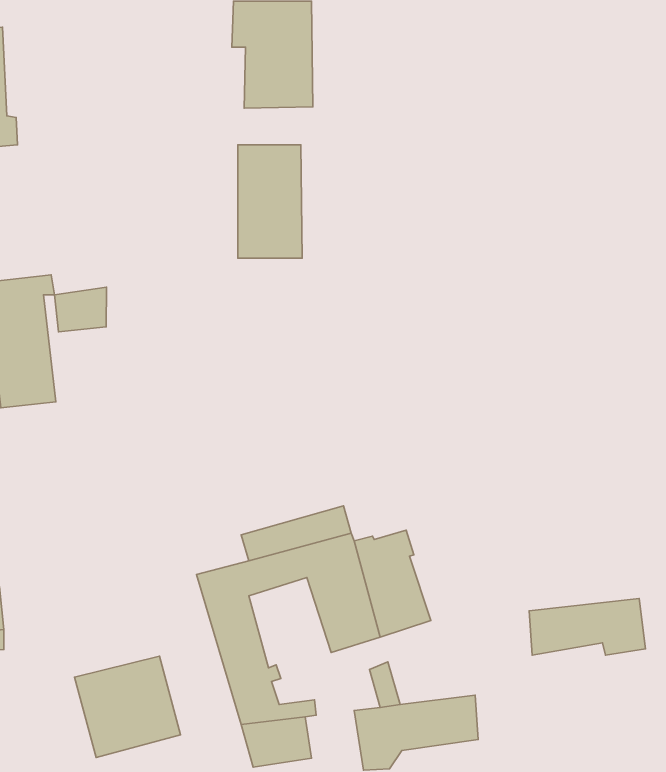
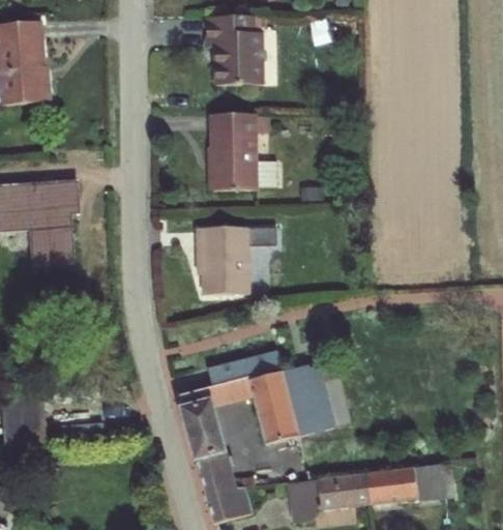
building: [54,287,106,332] -> none
building: none -> [191,219,270,284]
building: [529,598,645,655] -> [366,467,445,505]
building: [75,656,181,757] -> none

